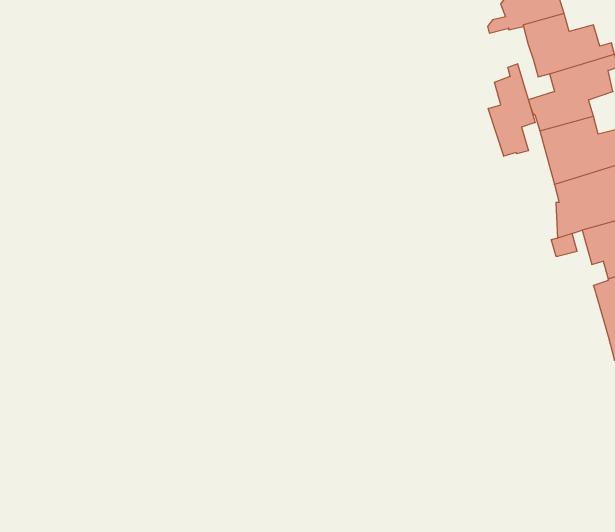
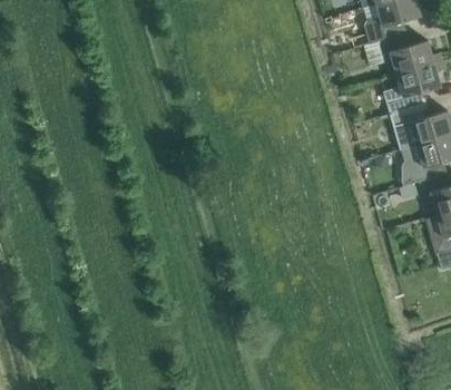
building: [488,64,535,156] -> none

